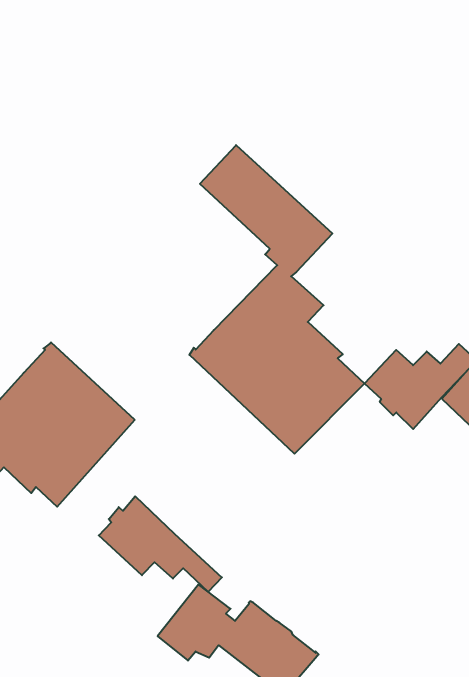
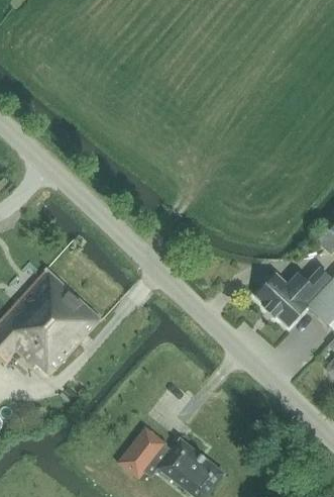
building: [189,145,364,454] -> none
building: [99,496,222,592] -> none

